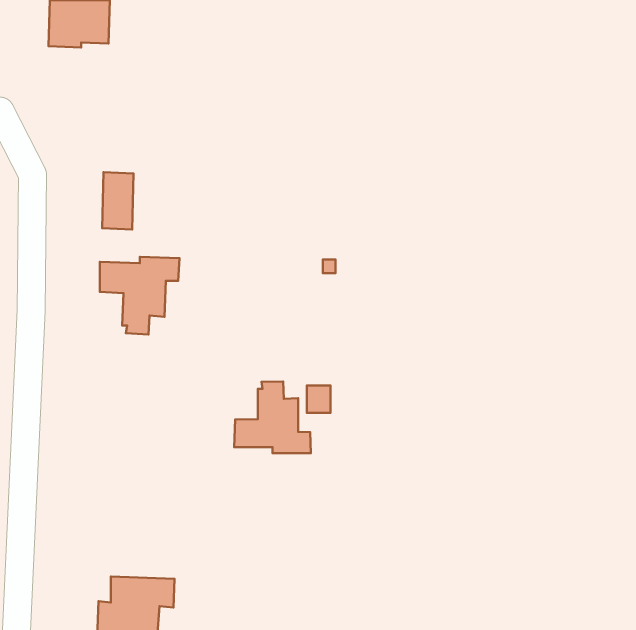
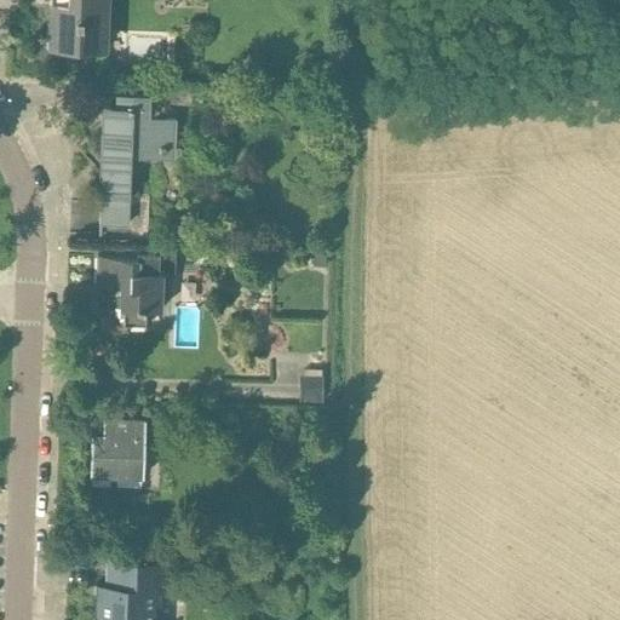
building: none -> [102,101,177,176]
building: [234,381,311,453] -> none
building: none -> [90,421,145,482]

